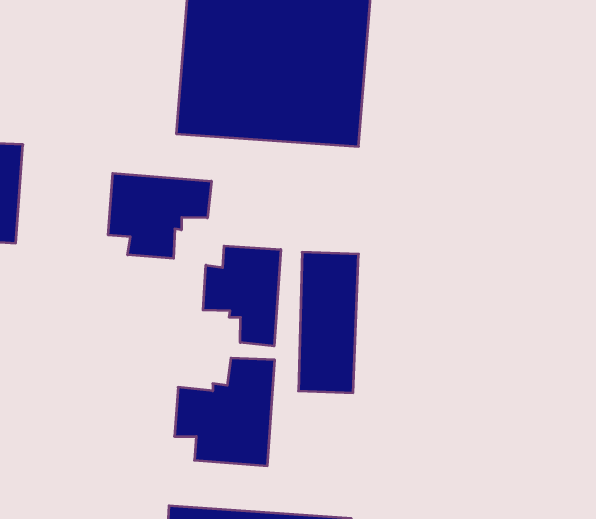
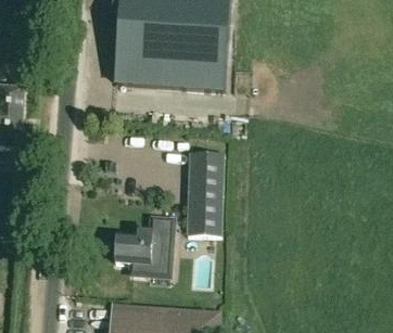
building: [108,173,211,258] -> none
building: [203,246,281,346] -> none

